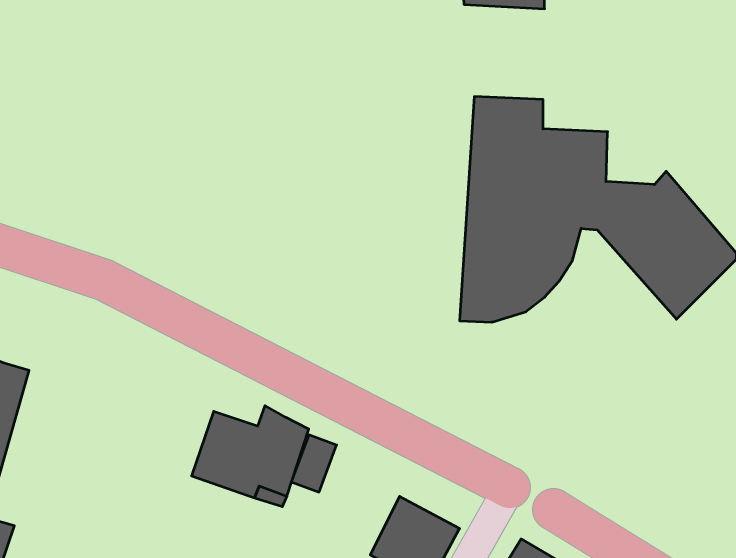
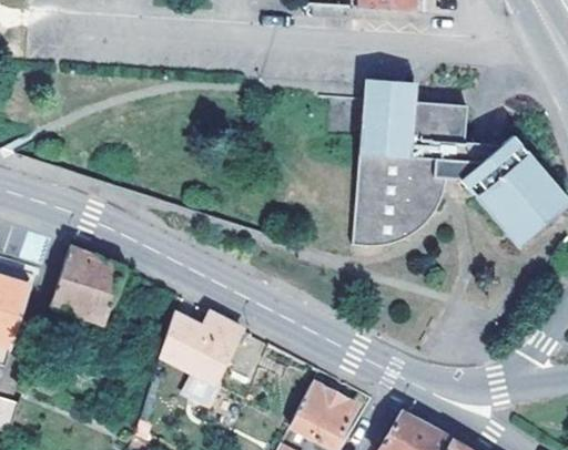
building: none -> [49,244,123,327]

